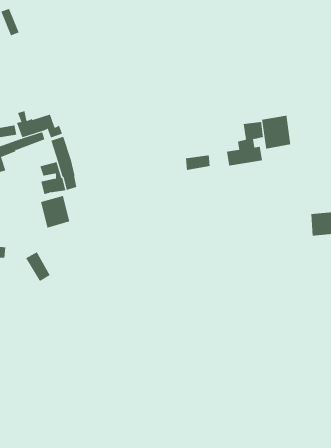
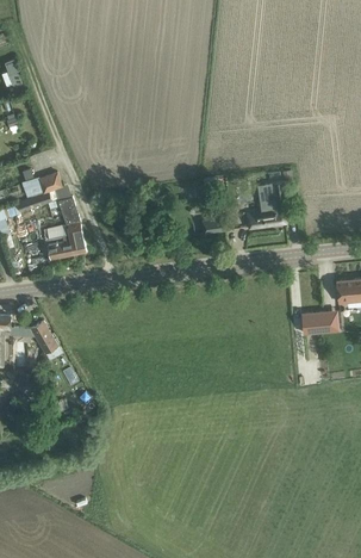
building: [261,115,291,150] -> none
building: [41,195,70,229] -> none
building: none -> [310,310,341,333]

